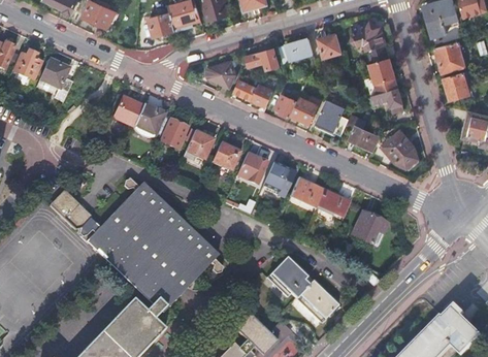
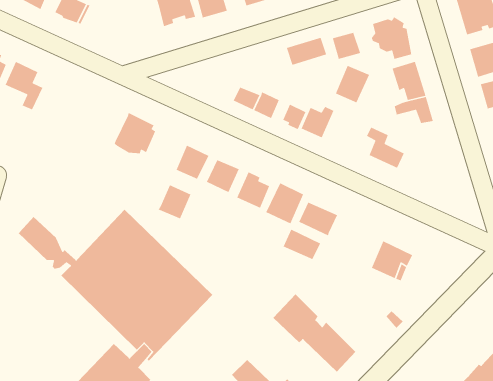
building: [149,12,175,37] -> none
building: [246,47,279,69] -> none
building: [208,60,235,87] -> none
building: [112,95,143,126] -> none
building: [316,99,346,132] -> [335,65,370,104]
building: [158,118,187,148] -> [157,184,191,219]
building: [381,130,418,168] -> none
building: [316,189,349,216] -> [282,229,321,260]

